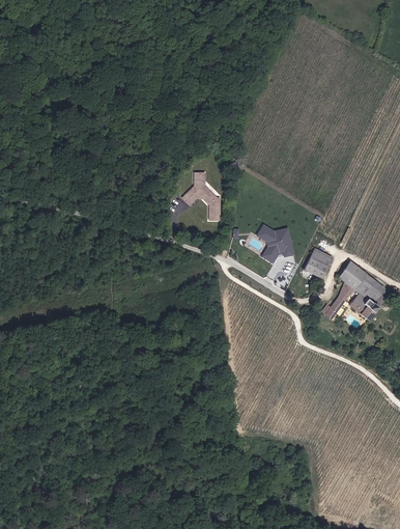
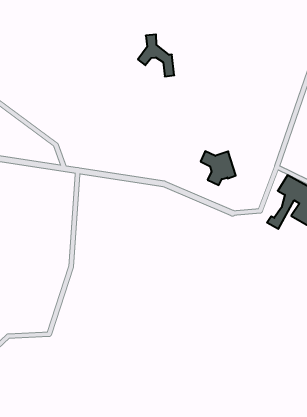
building: [182,173,220,220] -> [138,34,174,76]
building: [305,246,333,277] -> none

